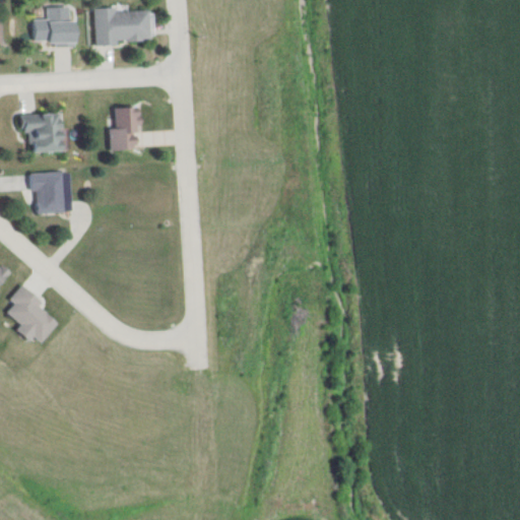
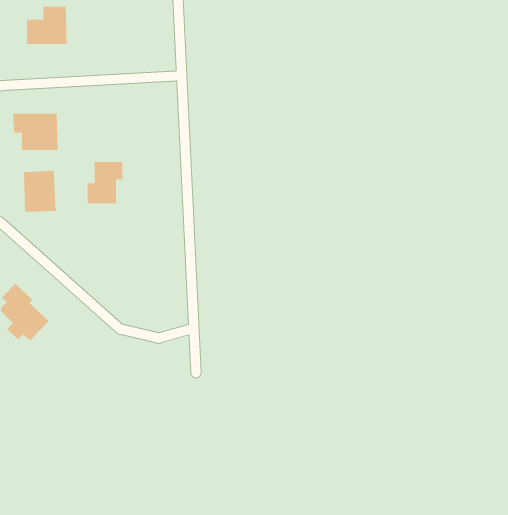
building: [98,8,148,43] -> none
building: [110,107,146,149] -> [87,161,123,204]

